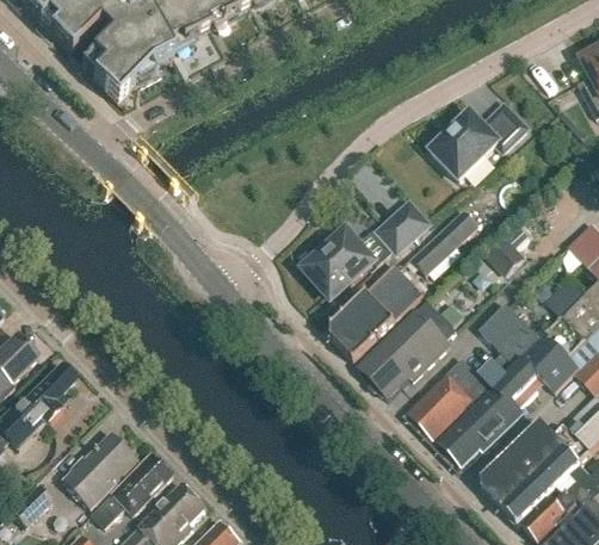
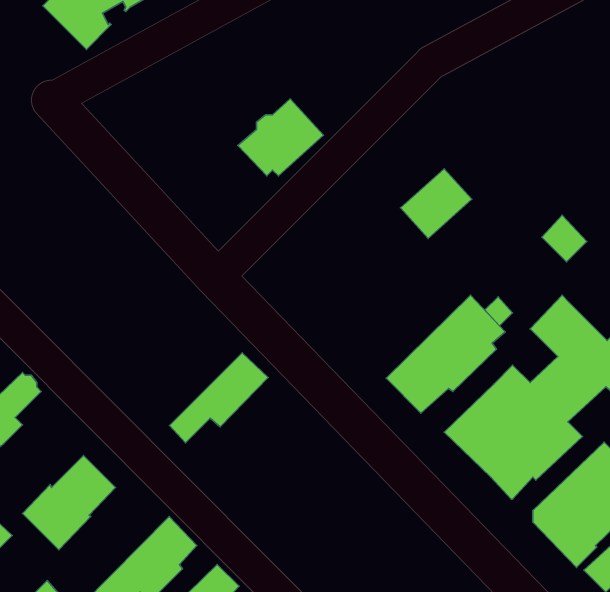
building: [428,105,523,179] -> none
building: [413,209,480,273] -> none
building: [304,230,375,293] -> [238,99,324,176]
building: [334,266,426,363] -> none
building: [92,452,173,526] -> [169,353,268,443]

